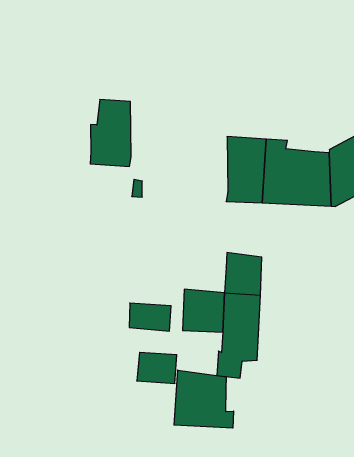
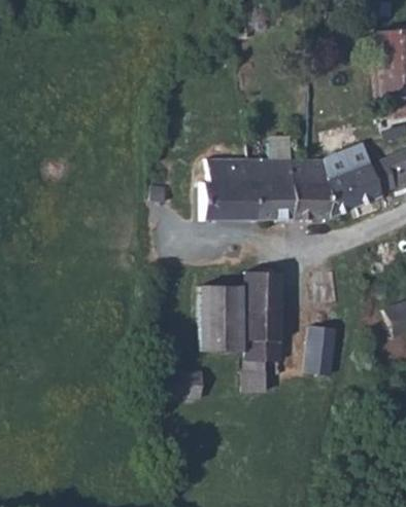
building: [90,100,131,166] -> [197,157,238,220]
building: [129,303,171,331] -> [201,284,241,309]
building: none -> [304,318,330,367]
building: [174,370,234,428] -> none

